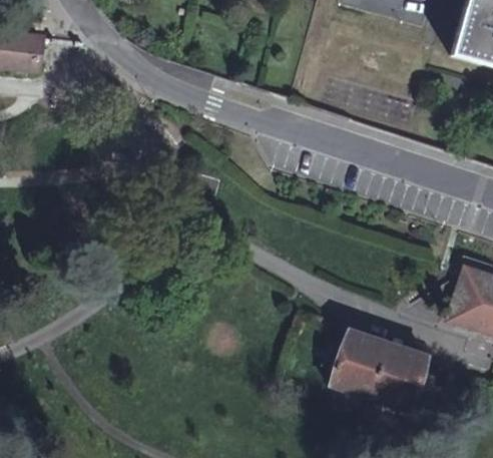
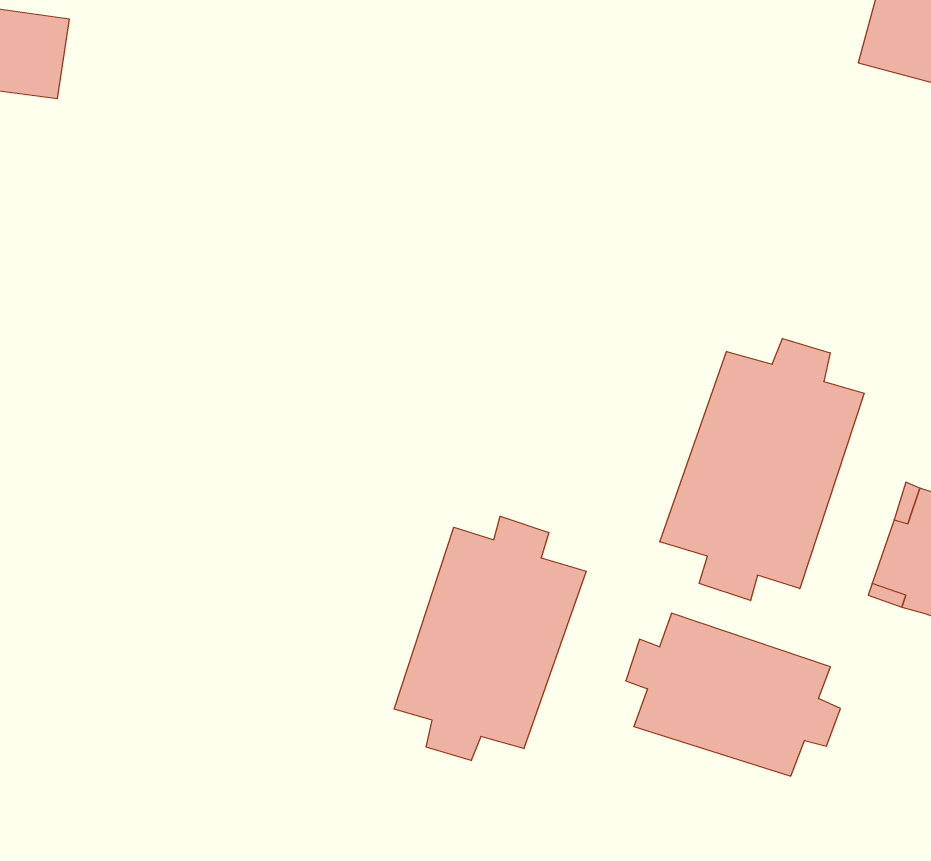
building: none -> [660,338,864,601]
building: none -> [394,516,586,761]

